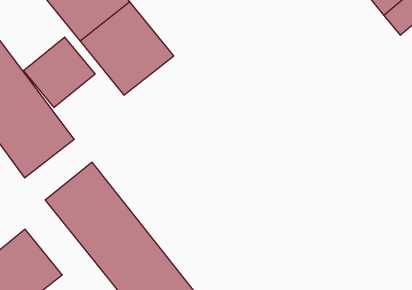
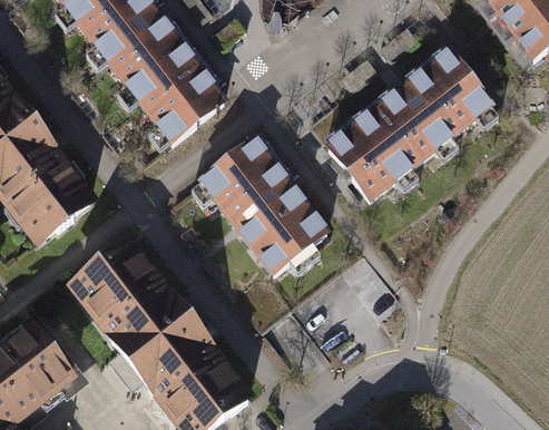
building: none -> [312,46,488,208]
building: [23,37,95,108] -> none
building: none -> [196,133,334,276]

